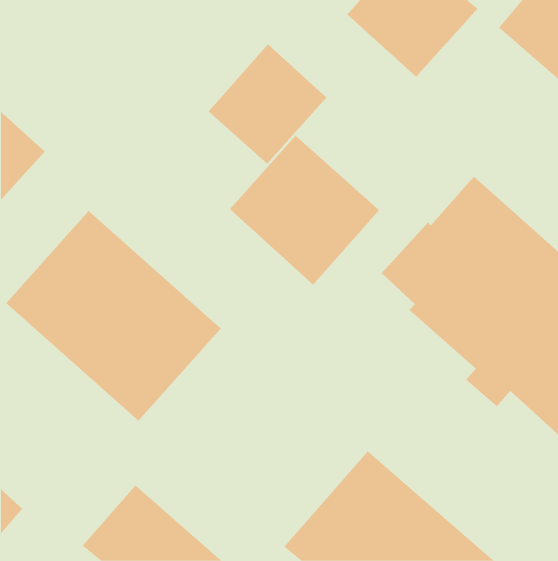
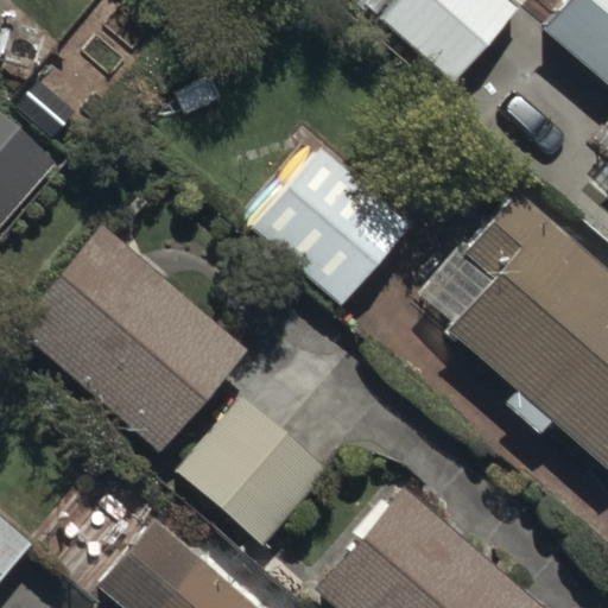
building: [208,43,327,164] -> none
building: none -> [178,395,330,547]

